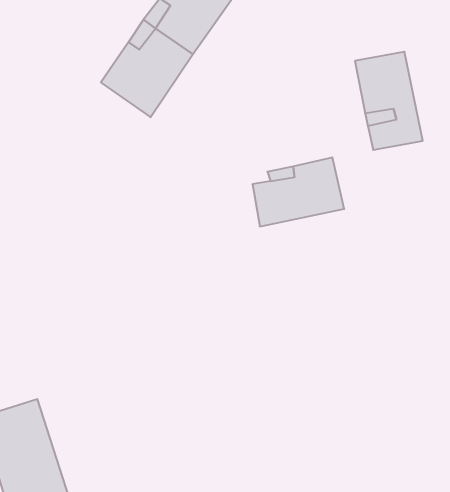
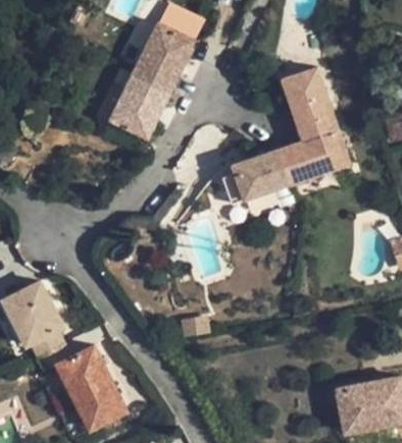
building: none -> [275,128,348,183]

